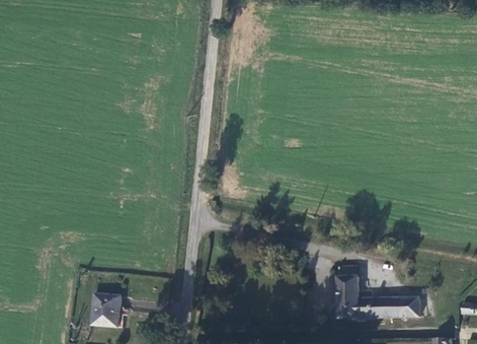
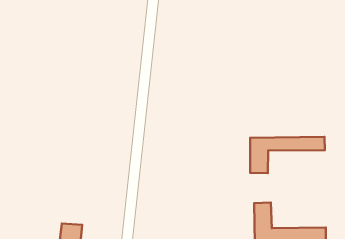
building: none -> [250,137,325,173]

